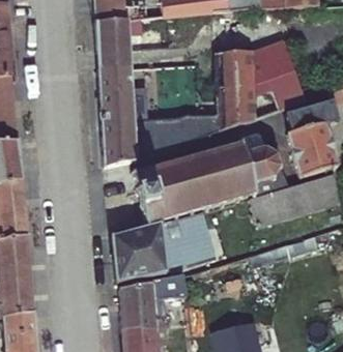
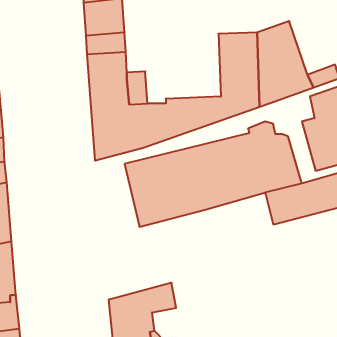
building: [107,209,217,287] -> none

